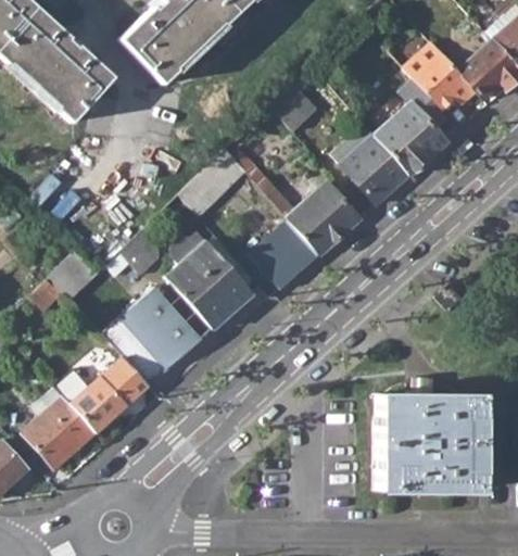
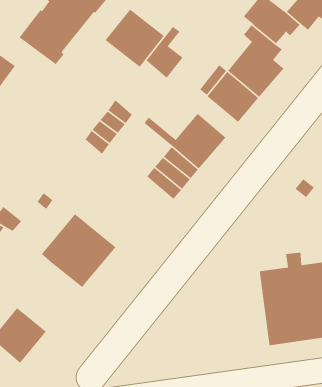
building: none -> [104,8,165,68]
building: [165,229,253,325] -> none
building: [122,230,164,277] -> none
building: [55,363,141,431] -> none

